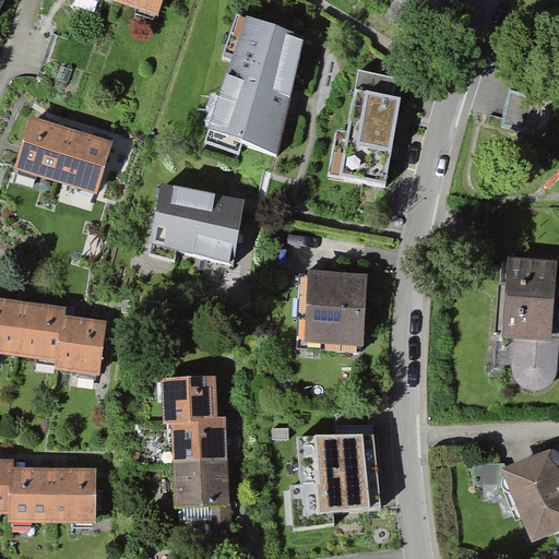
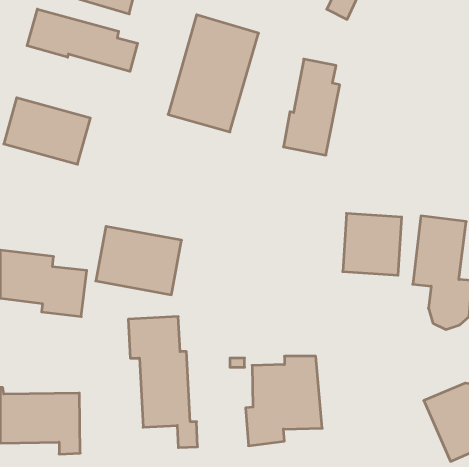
building: none -> [27,9,138,71]
building: [141,182,242,263] -> [96,226,182,295]
building: [302,267,372,341] -> [343,213,402,275]

